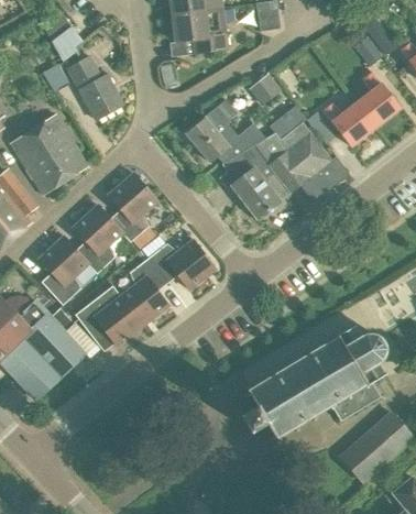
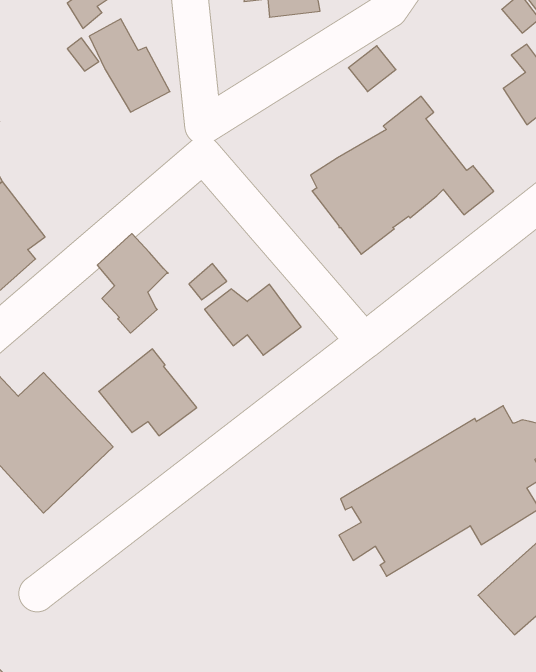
building: [185,99,240,162] -> none
building: [321,101,372,145] -> none
building: [10,113,87,194] -> none
building: [108,172,157,241] -> none
building: [39,234,88,304] -> none
building: [119,256,167,325] -> none

